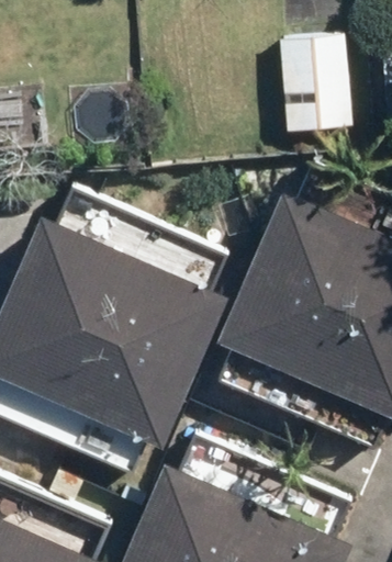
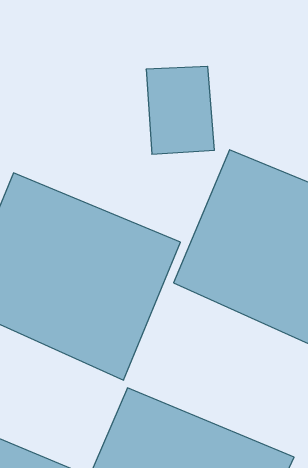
building: [270,34,348,134] -> [146,66,214,154]

